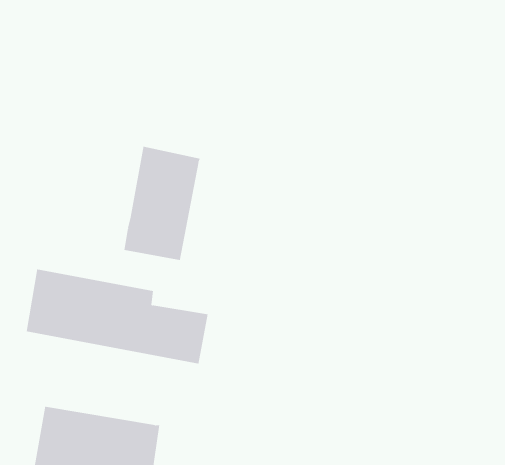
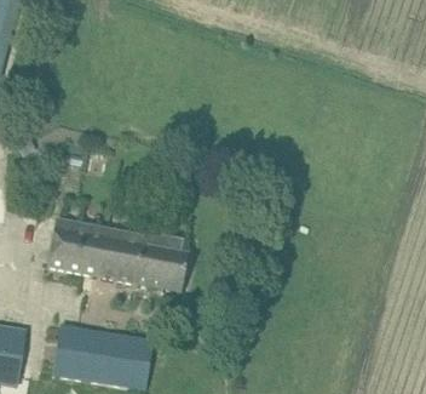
building: [124,146,200,261] -> none

